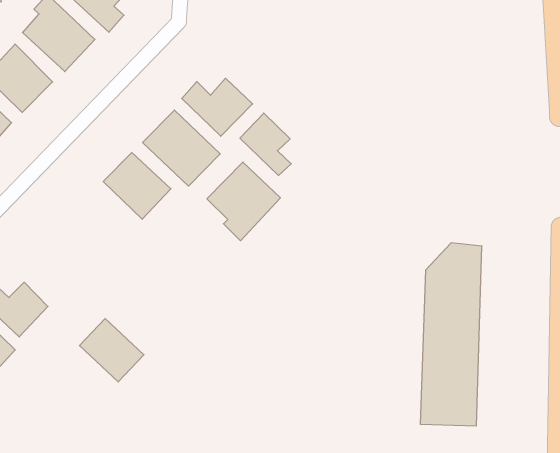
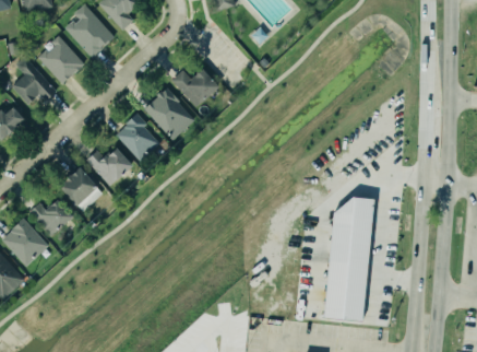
building: [240,113,291,175] -> none
building: [207,162,280,241] -> none
building: none -> [87,148,133,187]
building: [79,319,144,382] -> [60,167,104,211]

